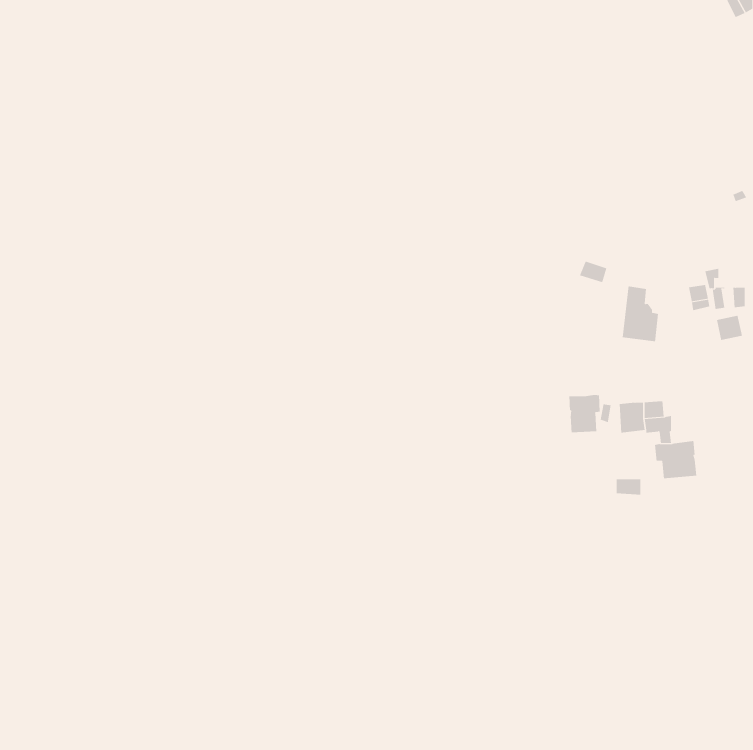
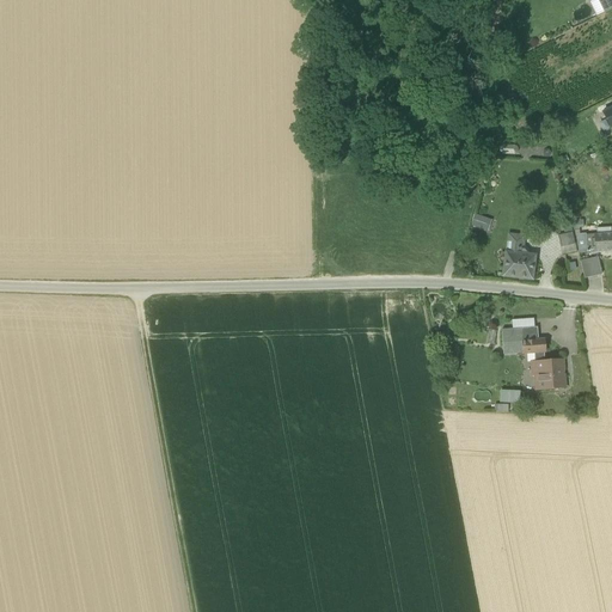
building: [569,394,600,433] -> none

